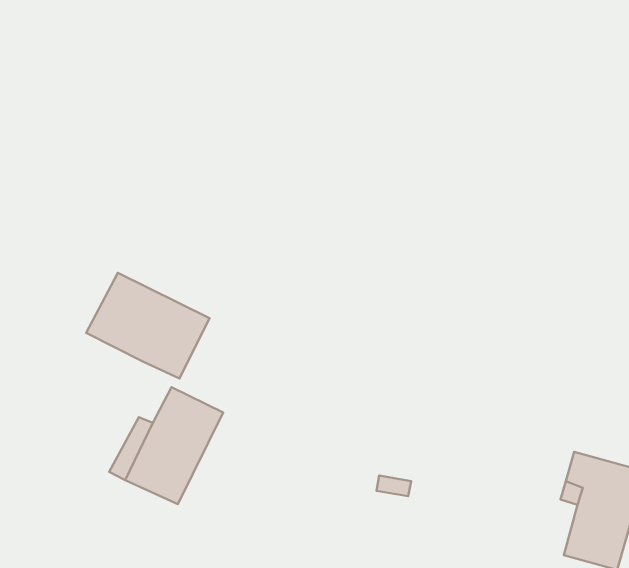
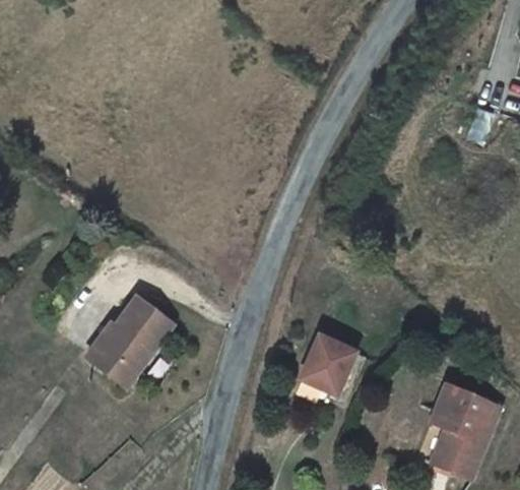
building: [86,273,209,379] -> none
building: none -> [304,335,362,406]

